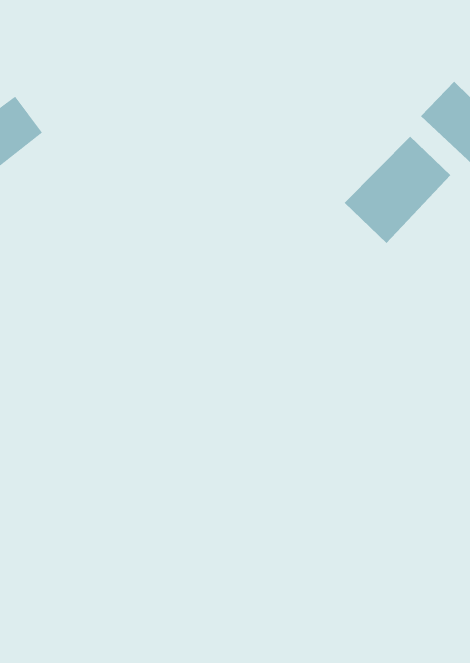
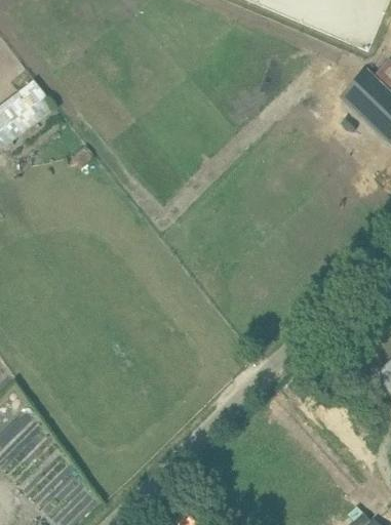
building: [344,136,451,244] -> none

